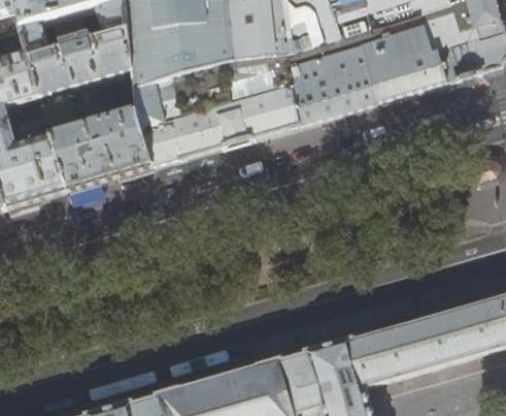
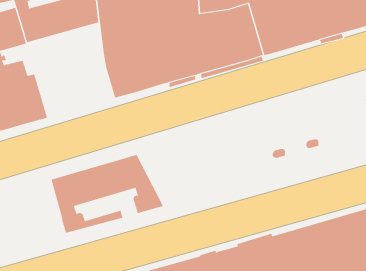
building: [48,109,149,190] -> none
building: none -> [51,154,164,234]

